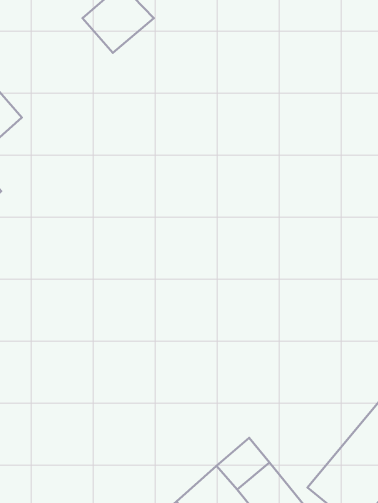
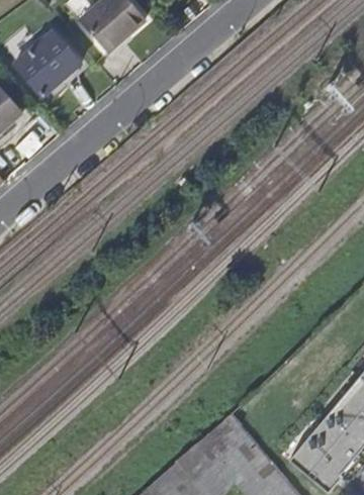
building: none -> [14,32,79,96]

